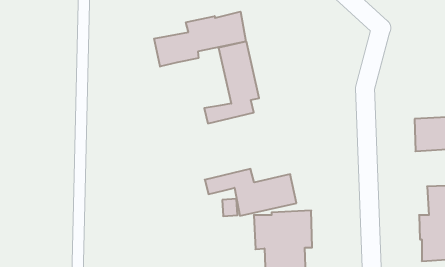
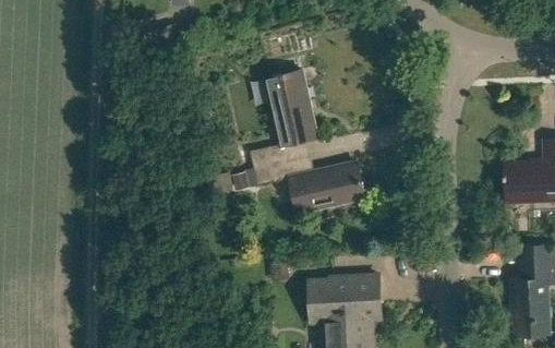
building: [154,12,246,67] -> none
building: [205,169,296,216] -> [254,156,365,213]

